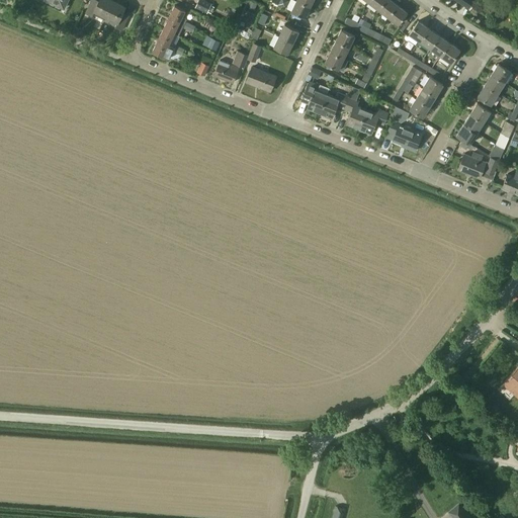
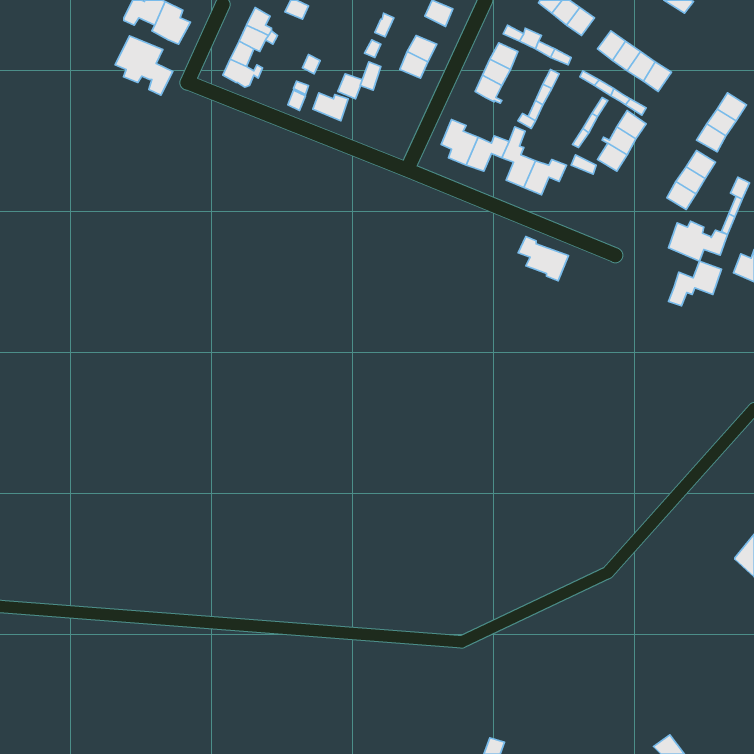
building: none -> [115,36,173,95]
building: [247,67,276,92] -> none
building: [387,120,422,151] -> [518,236,568,281]
building: none -> [669,261,721,306]

